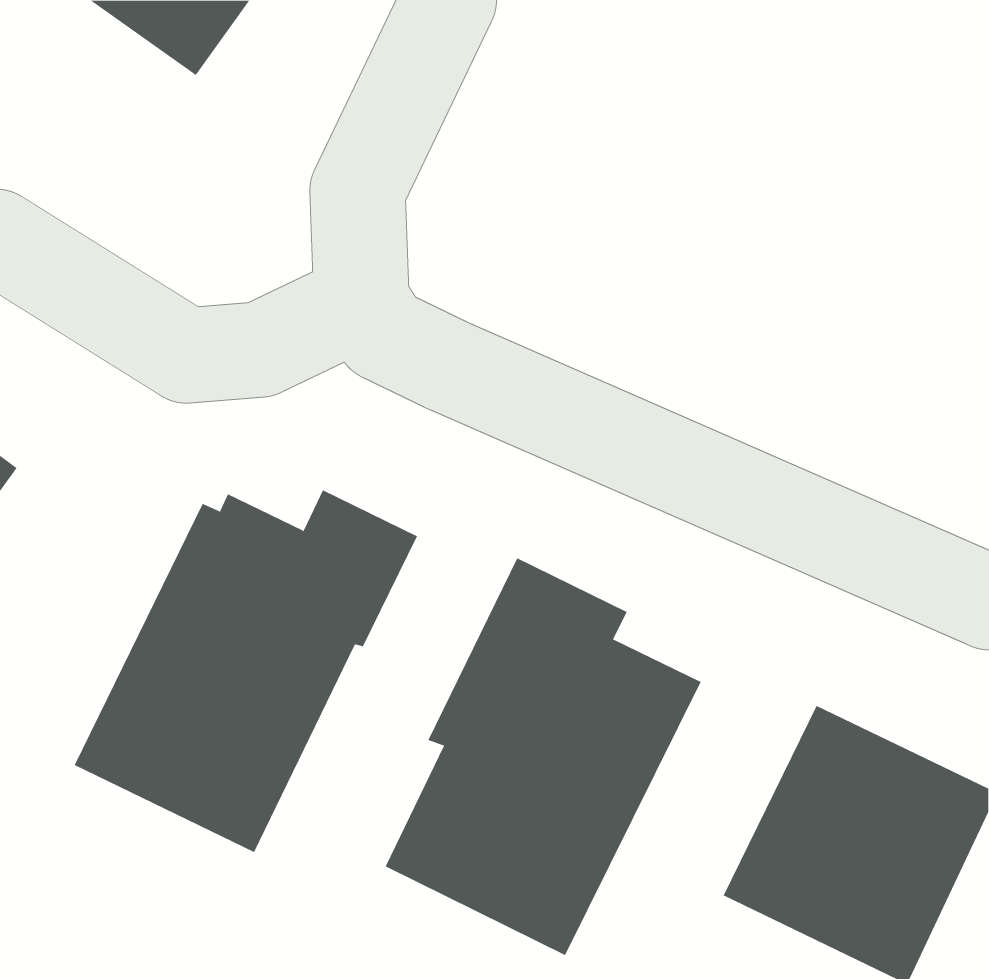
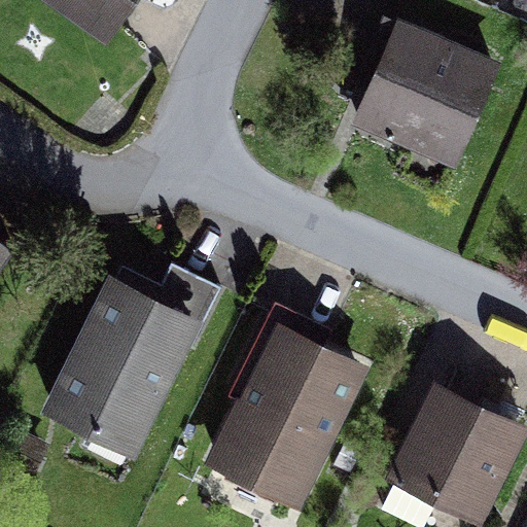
building: none -> [350,20,501,172]

